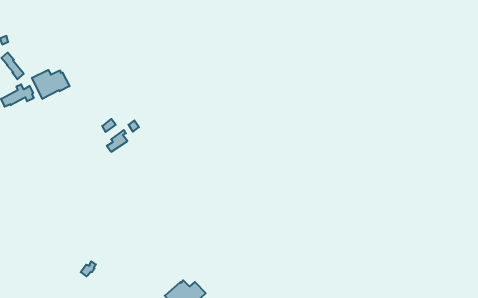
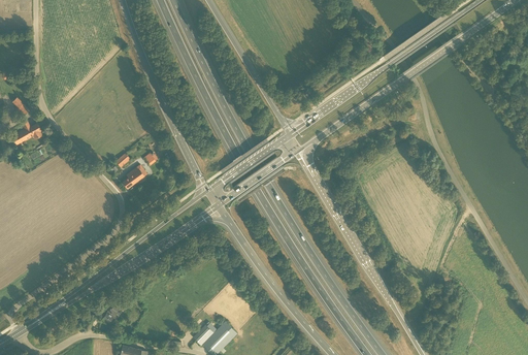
building: [32,70,70,99] -> none

